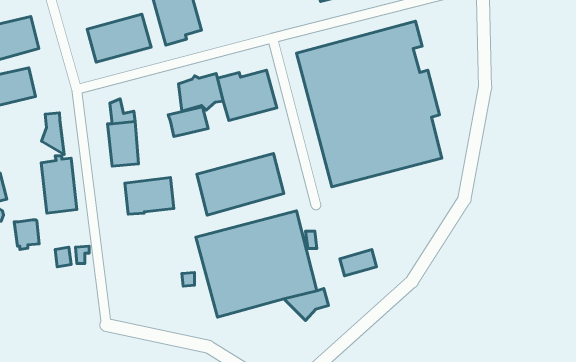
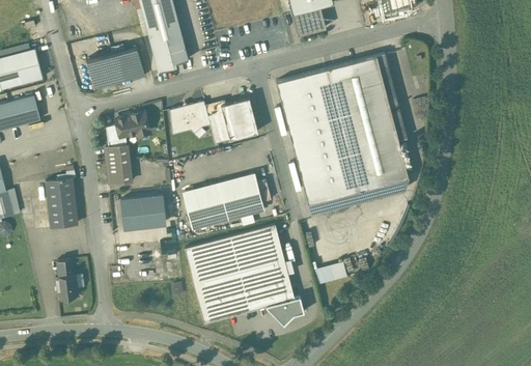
building: [168,107,208,136] -> [114,110,150,137]
building: [41,113,64,154] -> none
building: [14,220,39,249] -> [55,274,78,301]

